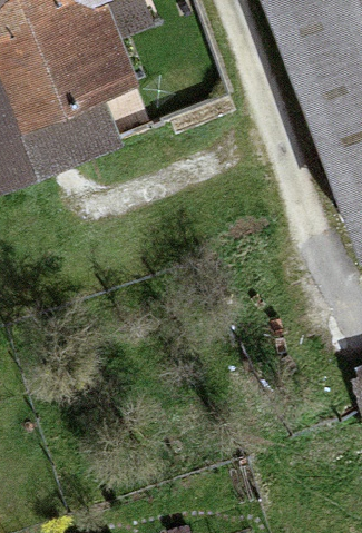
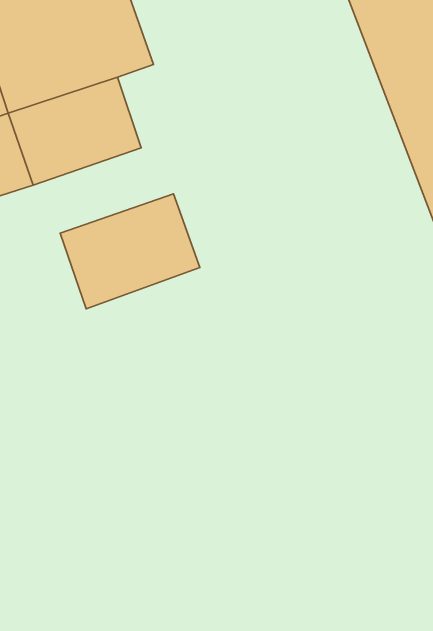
building: none -> [60,194,200,309]

